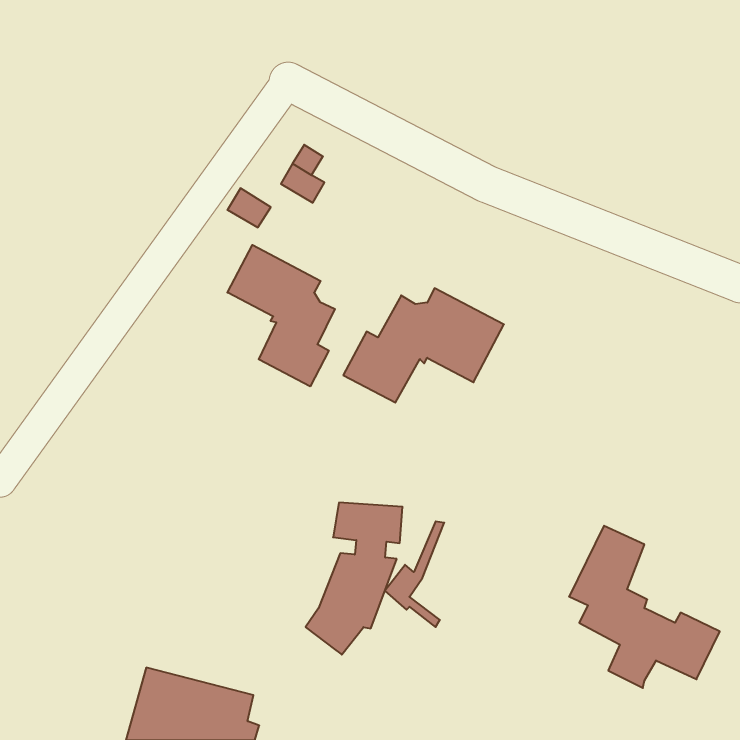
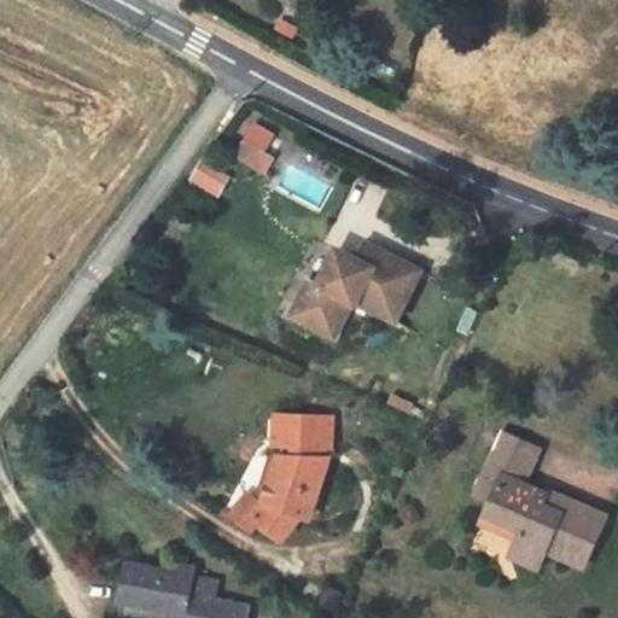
building: [227,245,335,386] -> none
building: [385,521,444,627] -> [234,460,284,548]

